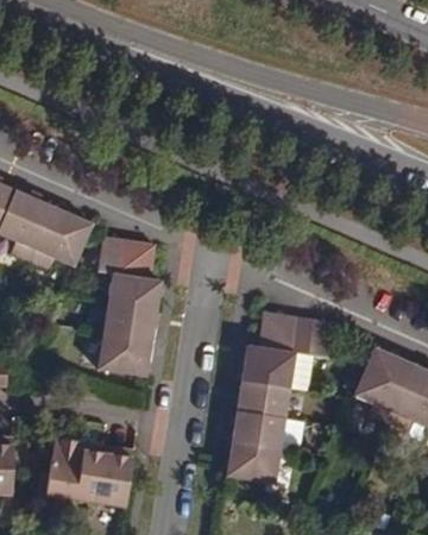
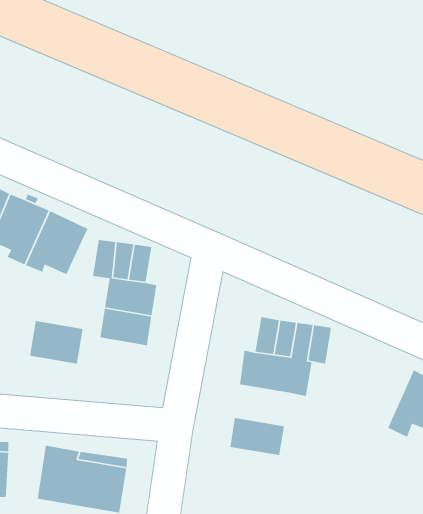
building: [97,334,151,378] -> [29,320,83,365]
building: [353,348,414,423] -> none
building: [237,380,290,421] -> none
building: [226,442,282,486] -> none

